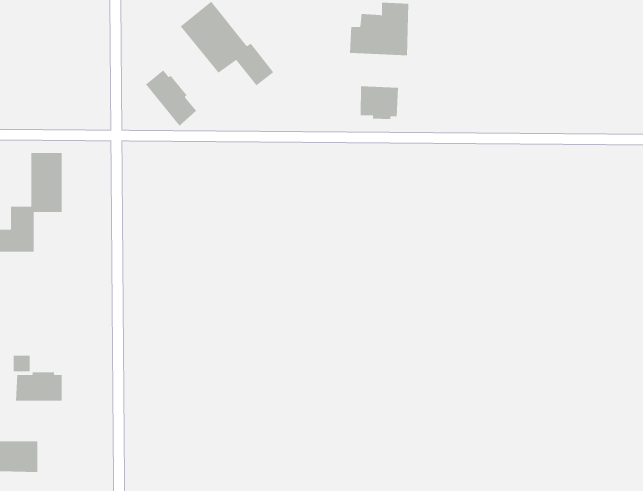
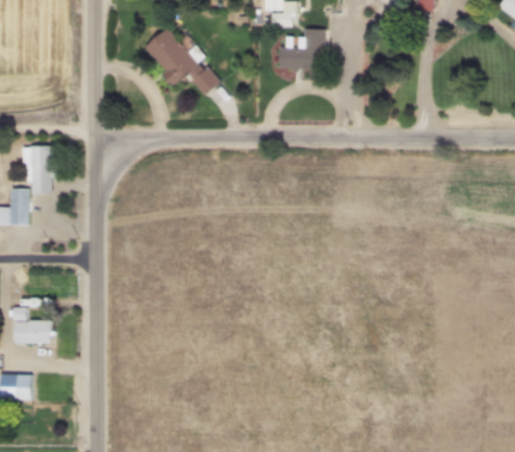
building: [145,69,197,127] -> none
building: [360,85,398,120] -> none

